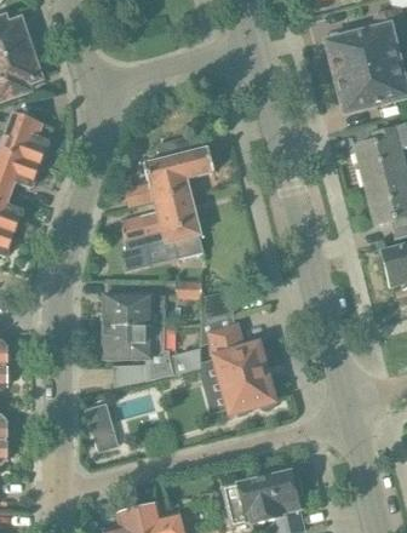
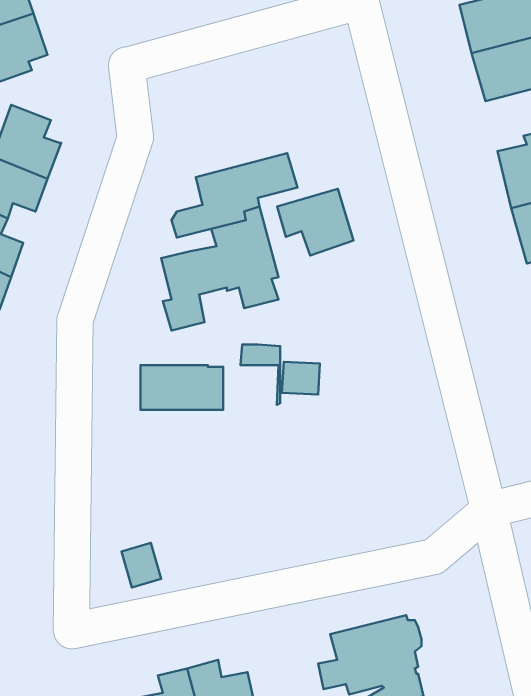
building: none -> [277,189,353,255]
building: [207,325,274,413] -> none
building: [104,327,200,382] -> none

